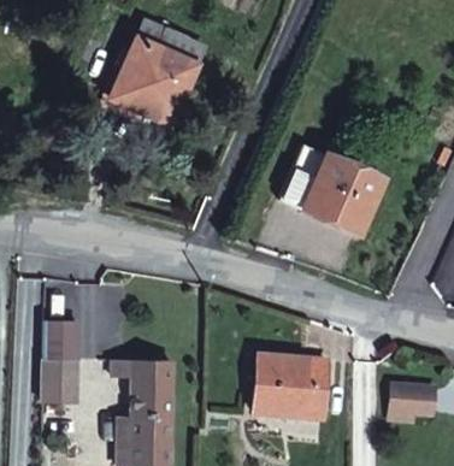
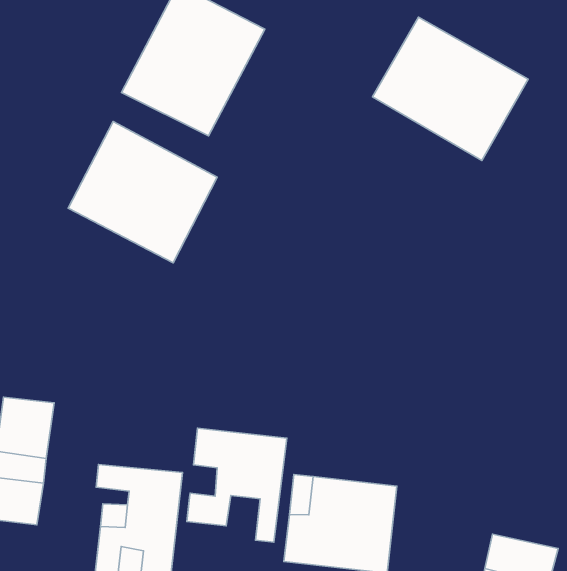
building: none -> [68,122,217,263]
building: [278,141,383,234] -> [372,17,528,161]
building: none -> [187,428,287,542]

